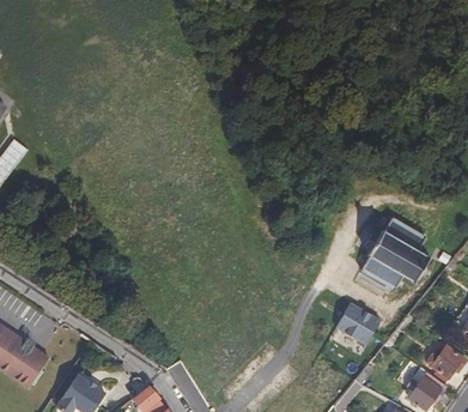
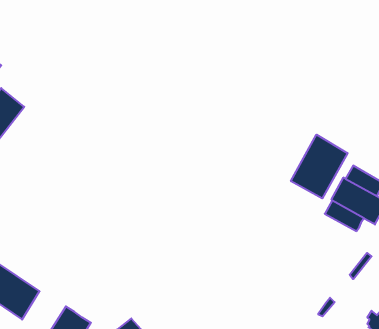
building: none -> [291,135,348,198]
building: [338,303,382,344] -> none

